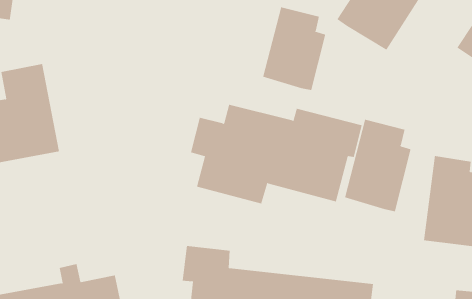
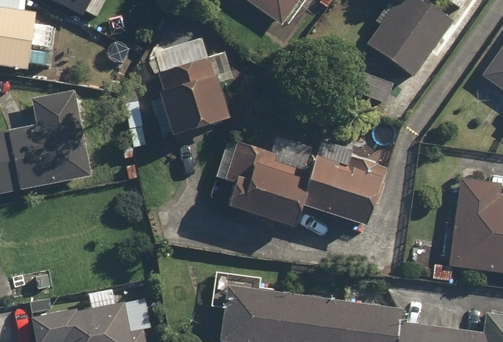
building: [263,6,326,91] -> none
building: none -> [151,39,234,136]
building: [344,119,411,212] -> none

